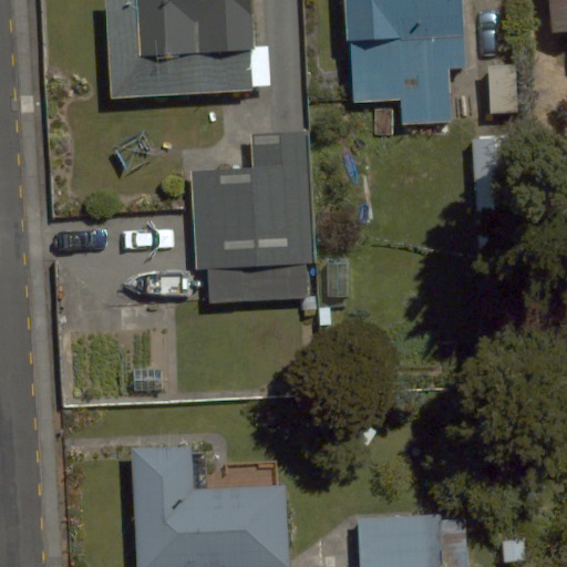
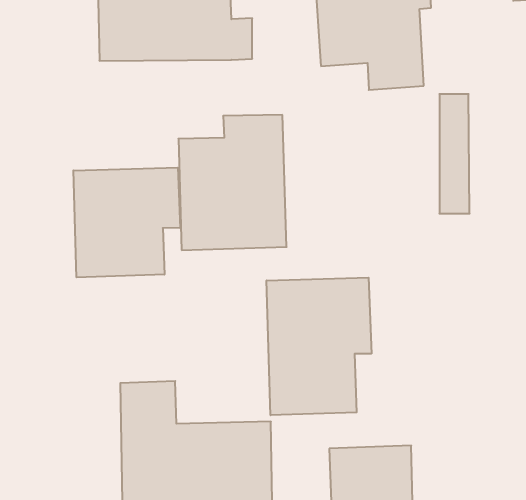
building: none -> [73,168,180,277]
building: none -> [267,278,371,415]

